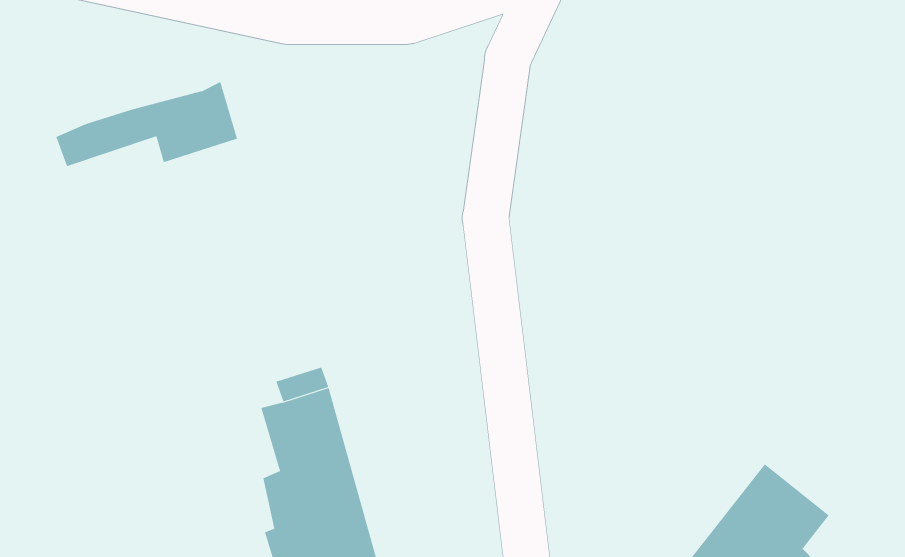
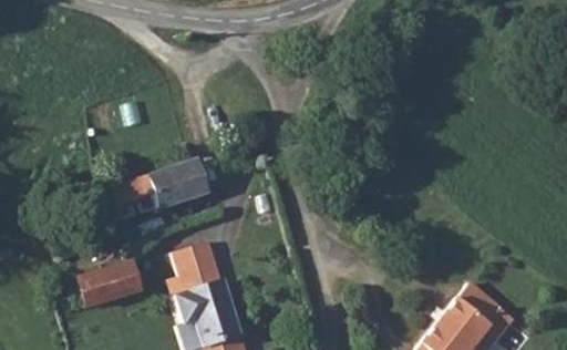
building: [55,81,238,167] -> [100,156,208,207]
building: none -> [73,257,137,306]

